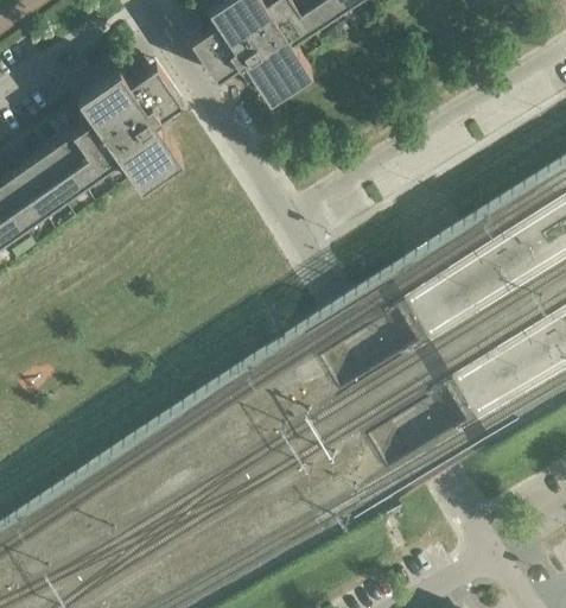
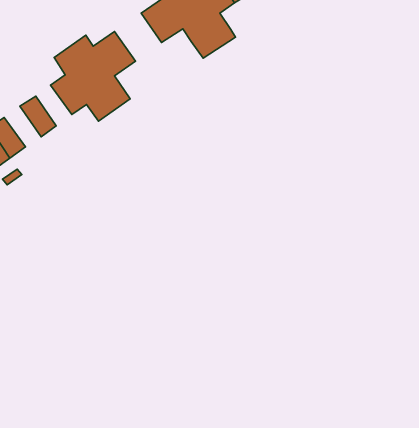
building: [55,138,101,190] -> none
building: [14,165,62,217] -> none

